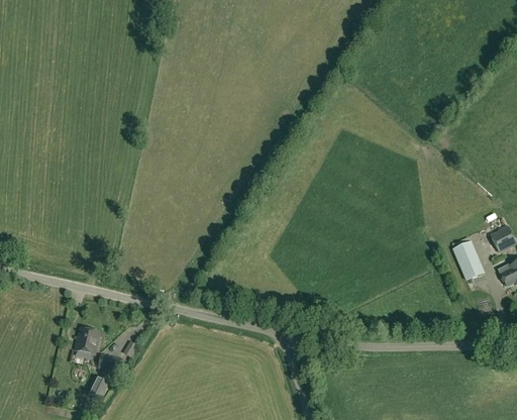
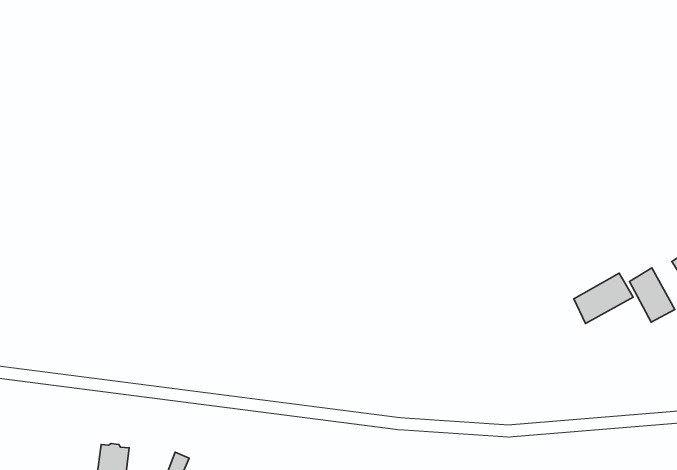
building: none -> [574,273,633,323]

